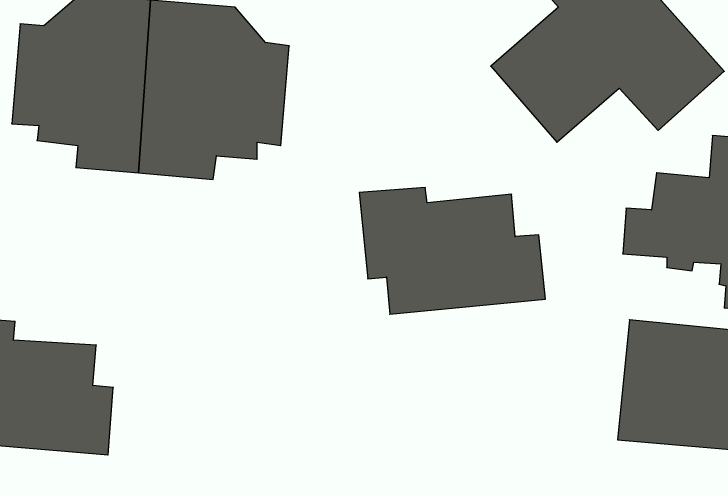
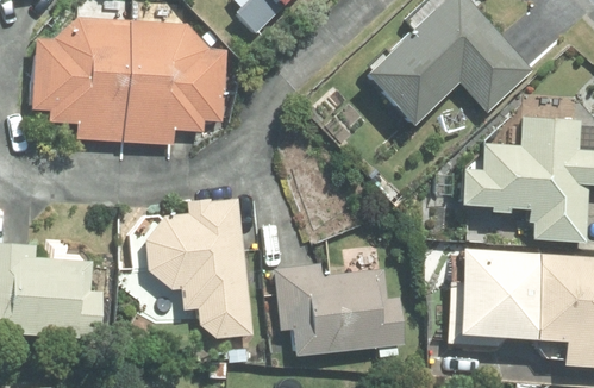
building: [359,188,545,314] -> [274,267,405,356]
building: none -> [144,199,250,340]

